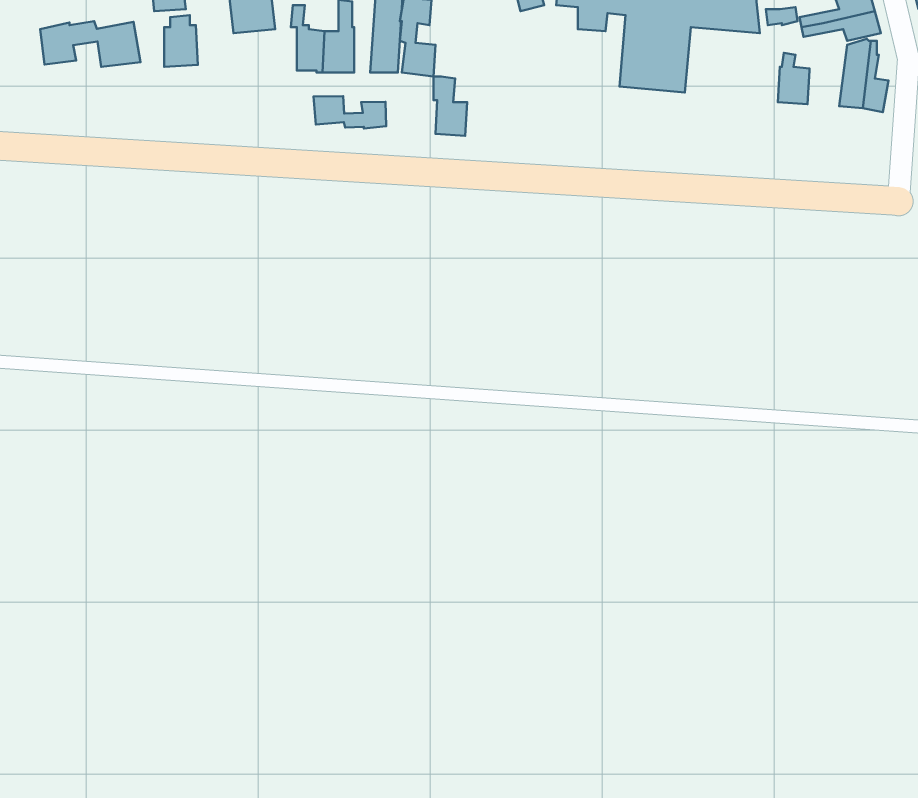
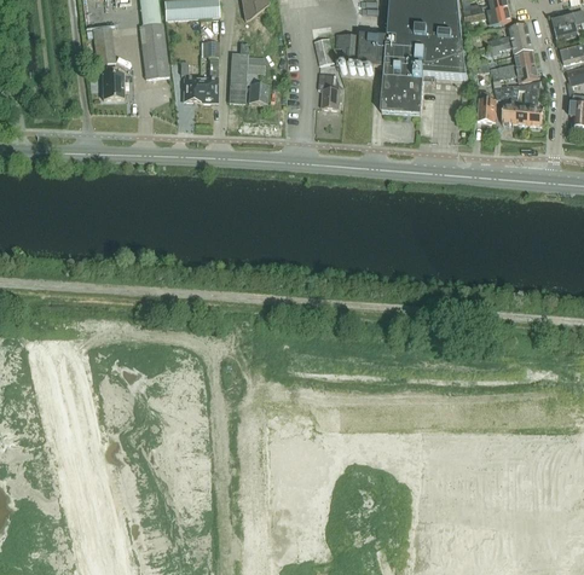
building: [40,21,140,67] -> none
building: none -> [496,85,520,122]
building: [433,77,467,136] -> [320,72,341,109]
building: [313,96,386,128] -> none

